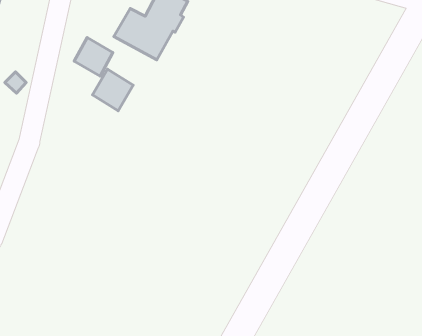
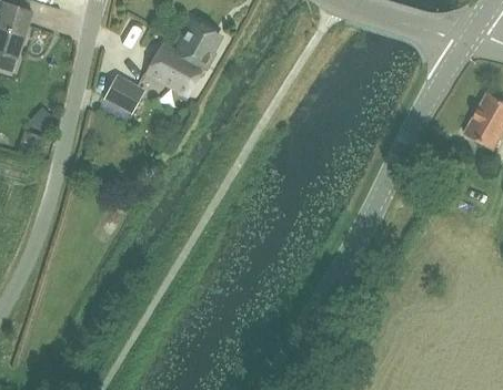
building: [93,69,133,111] -> none

